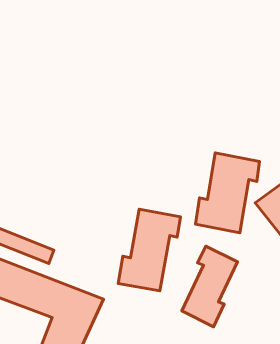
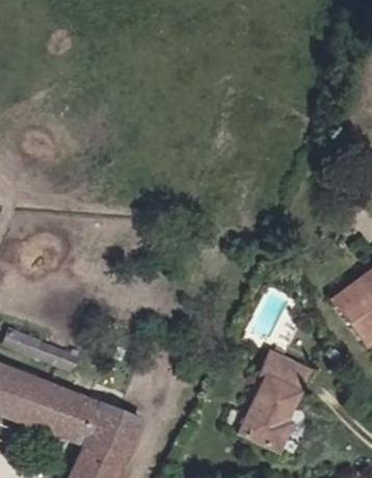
building: [195,153,260,233] -> none
building: [118,209,181,291] -> none

